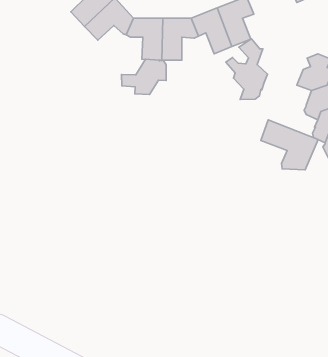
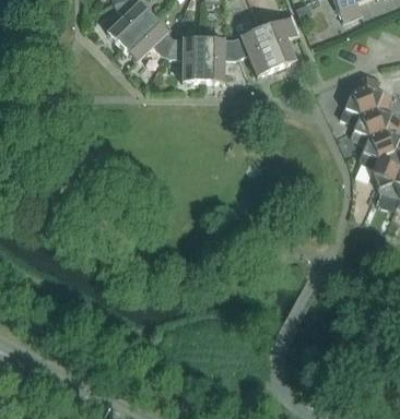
building: [226,39,267,99] -> none
building: [121,59,166,94] -> none
building: [261,120,318,170] -> none

